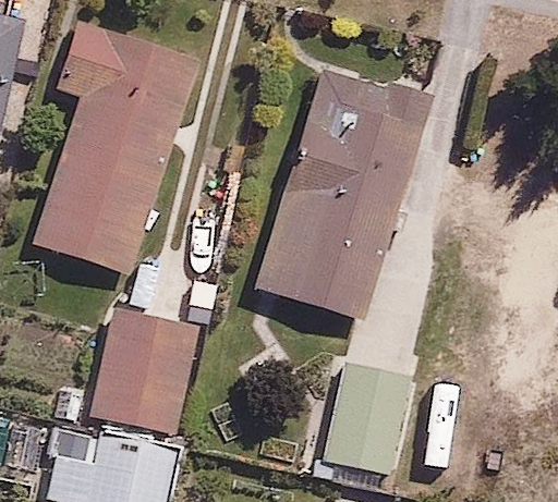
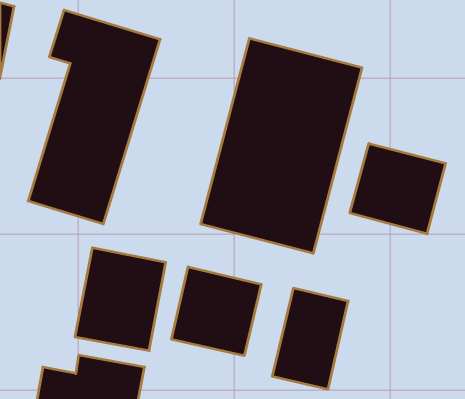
building: none -> [350,143,446,234]
building: none -> [172,267,261,356]

